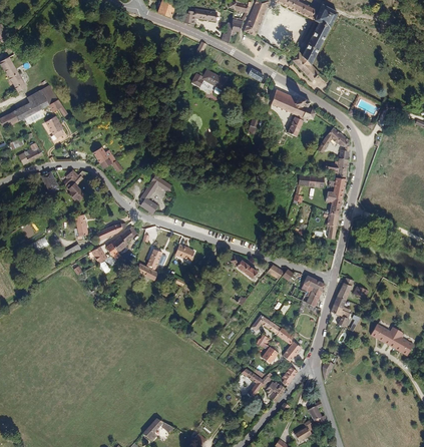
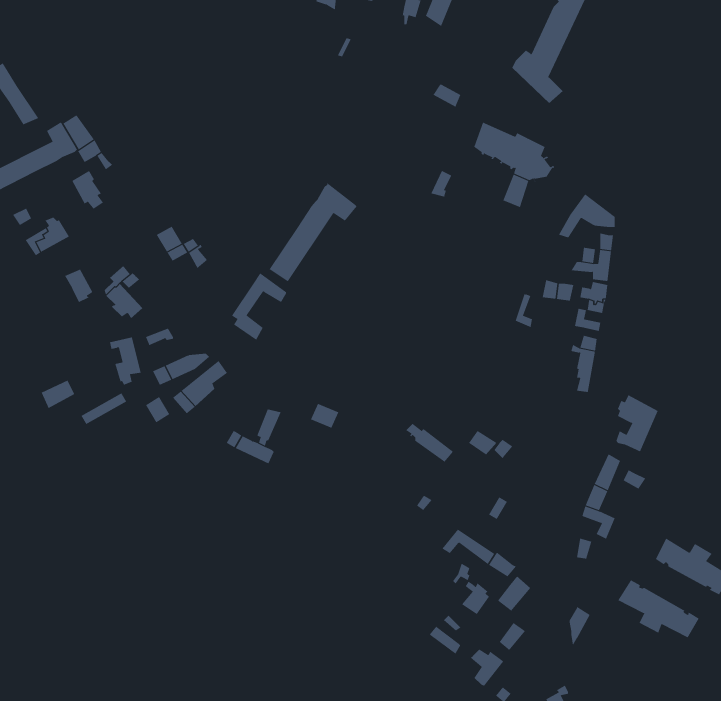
building: [189,69,227,95] -> none
building: none -> [269,182,357,282]
building: [300,273,324,305] -> [615,395,659,452]
building: none -> [618,580,699,638]

